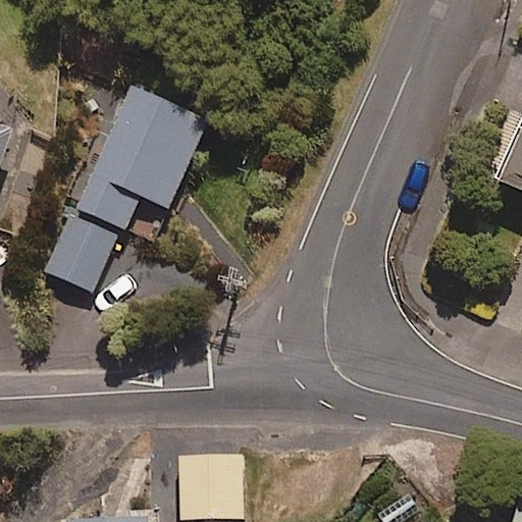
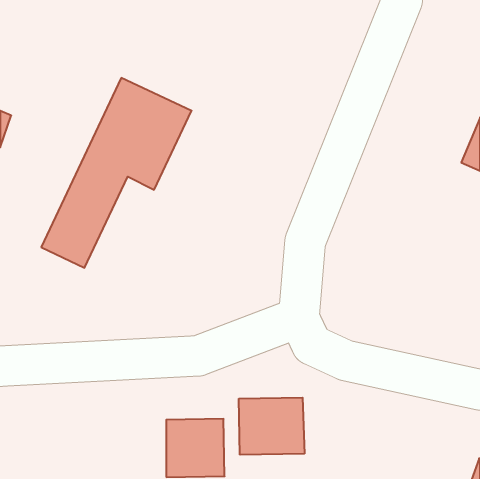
building: none -> [239,398,304,455]

